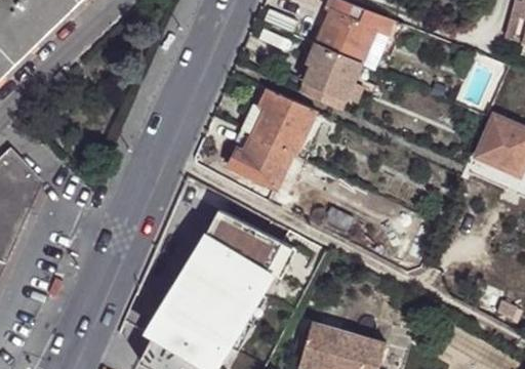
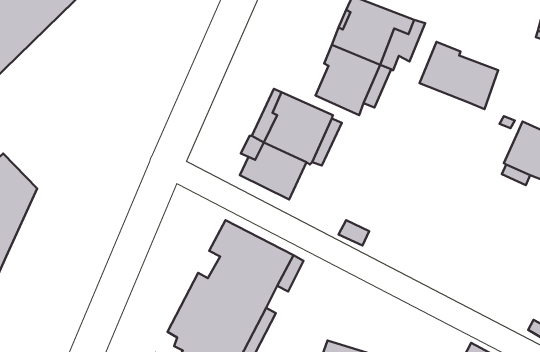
building: none -> [420,42,498,109]

